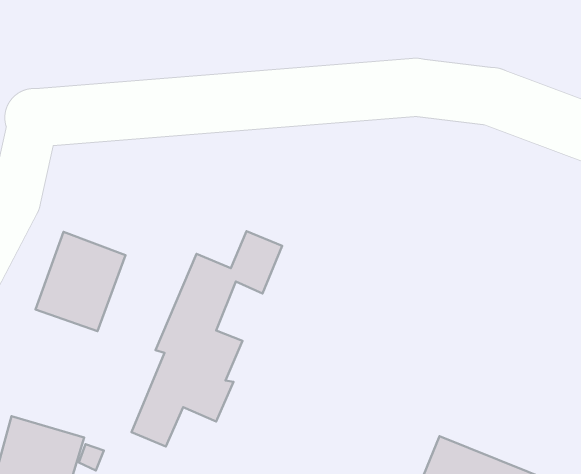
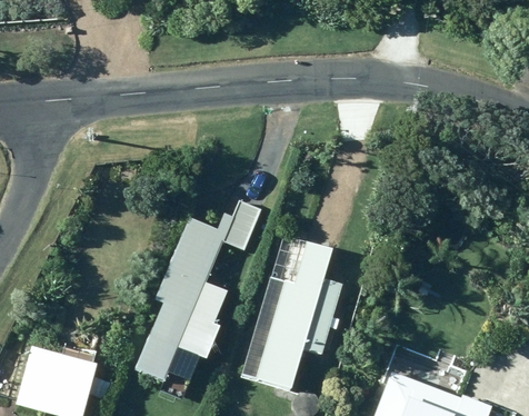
building: [35,232,126,331] -> none
building: none -> [241,240,342,388]

